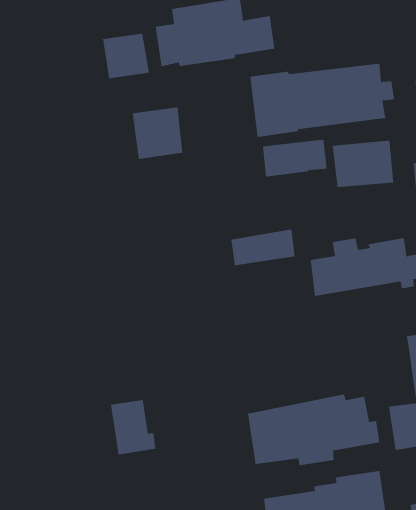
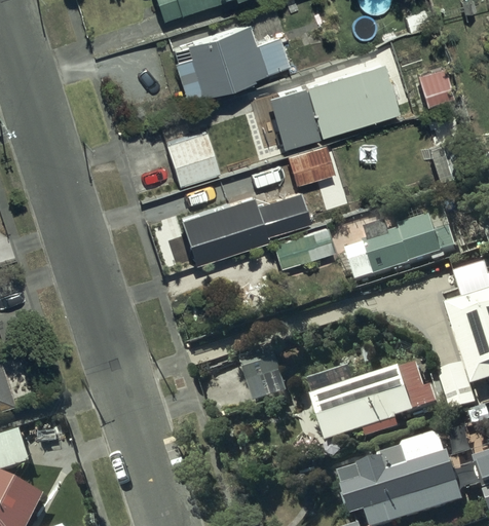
building: [103,33,150,79] -> none
building: [332,140,394,188] -> none
building: none -> [180,192,307,264]
building: [110,400,156,455] -> [241,351,290,406]

